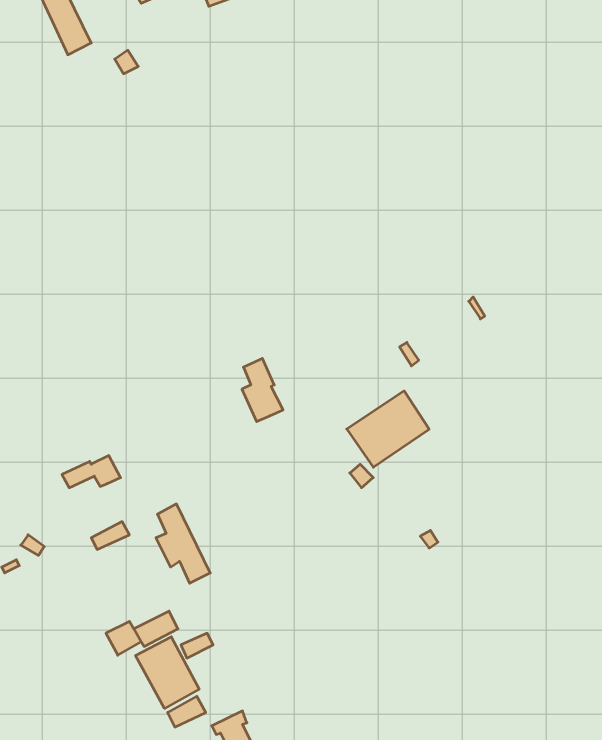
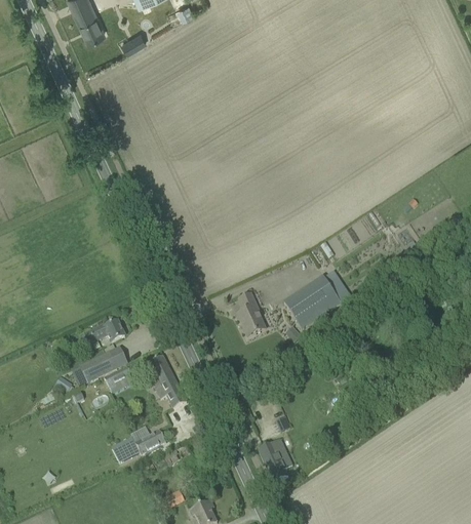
building: [242,358,283,422] -> [237,292,266,336]
building: none -> [79,351,117,380]
building: none -> [258,438,293,482]
building: [136,637,199,708] -> none

